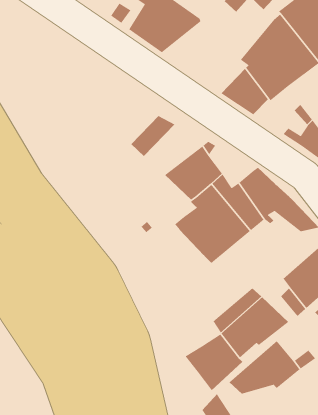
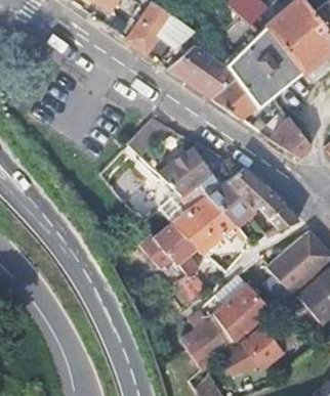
building: none -> [170,49,237,100]
building: none -> [141,224,199,275]

